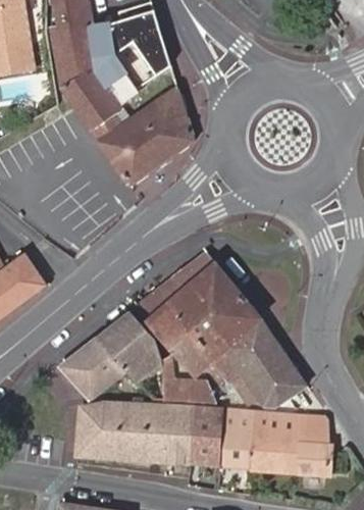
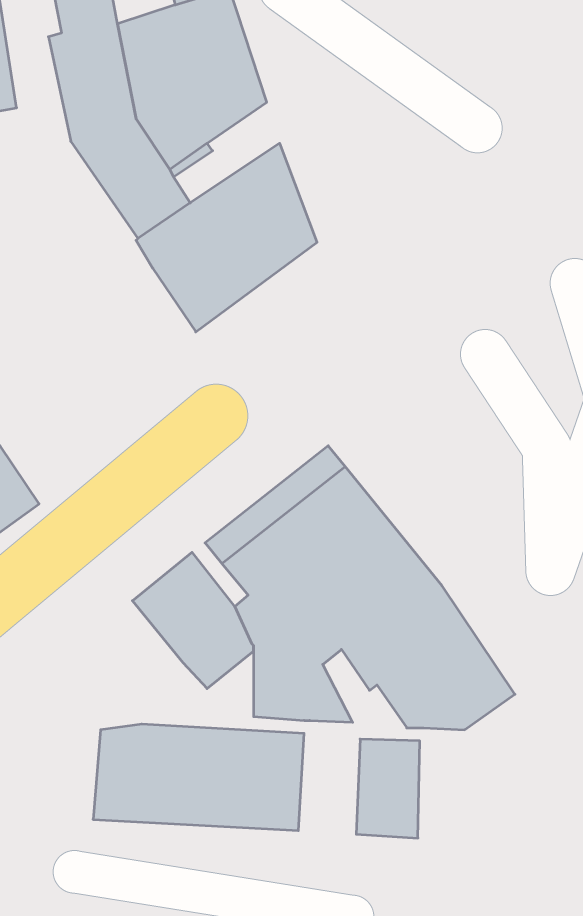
building: [58,337,123,400] -> none
building: [187,409,220,464] -> none
building: [252,413,328,470] -> none

